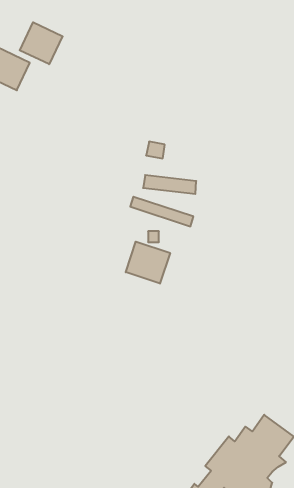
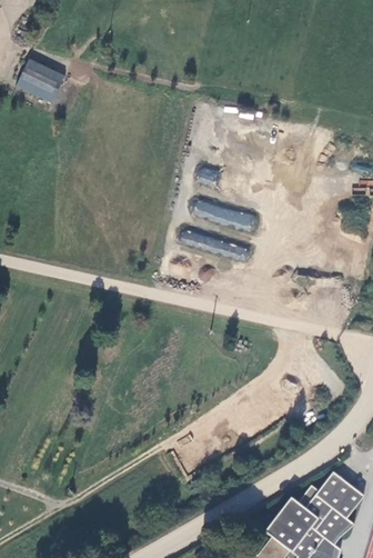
building: [20,22,63,64] -> none
building: [126,242,170,284] -> none

